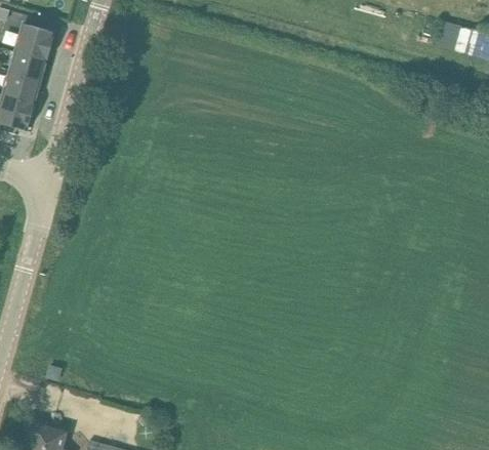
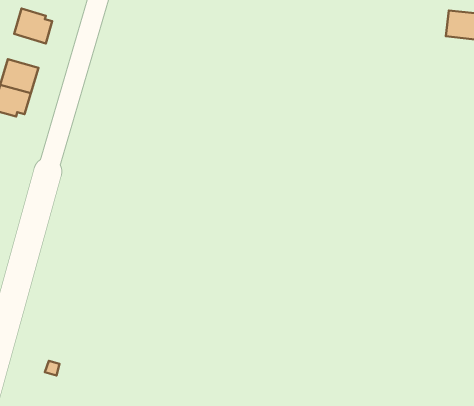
building: [10,47,47,80] -> none

